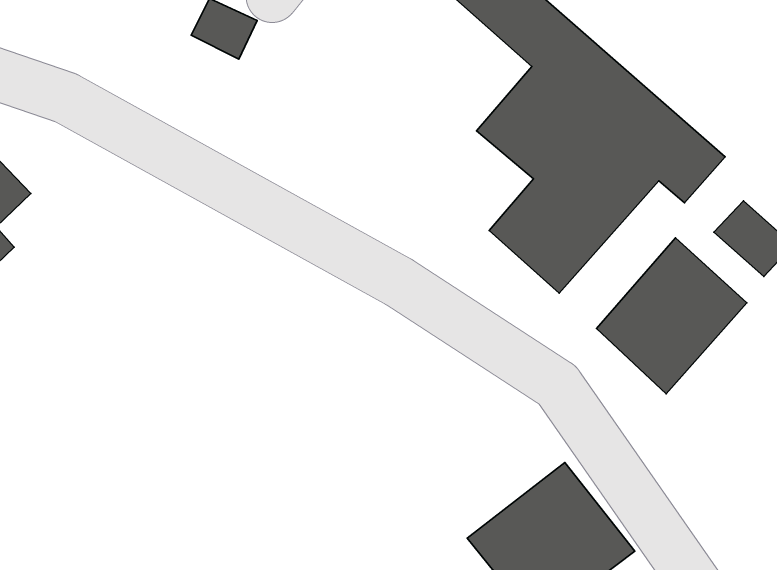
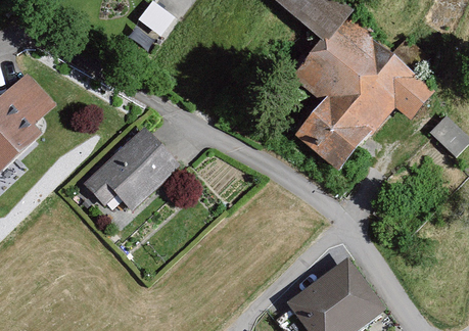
building: none -> [80,127,179,211]
building: [597,238,747,394] -> none

